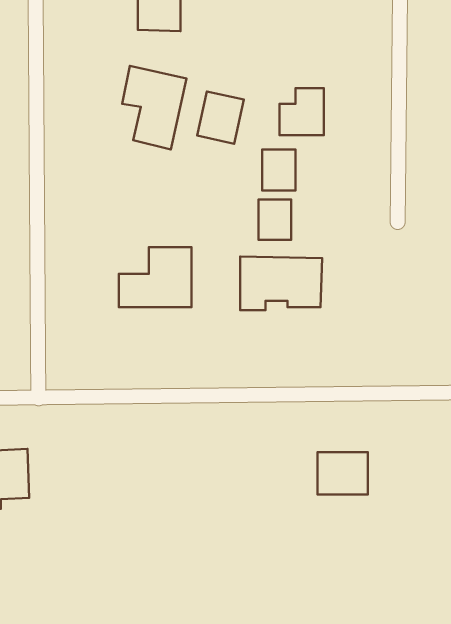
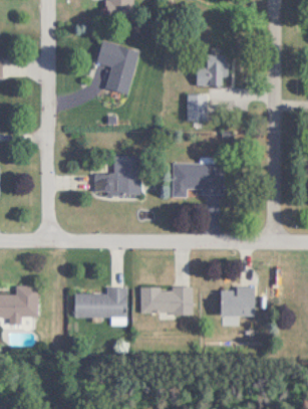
building: [197,91,244,144] -> none
building: [259,199,291,240] -> none
building: none -> [140,287,193,314]
building: none -> [74,288,126,318]

